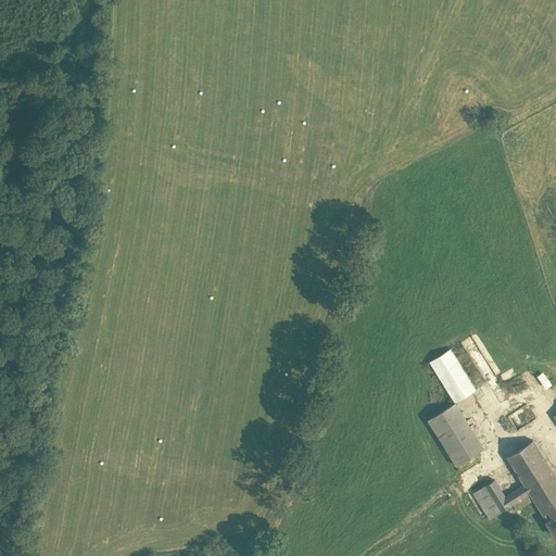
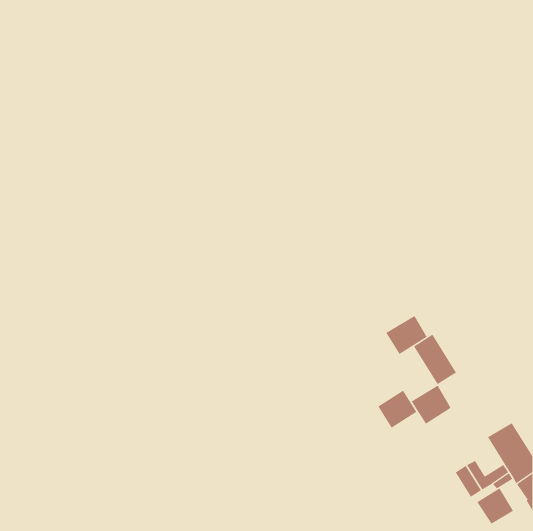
building: none -> [386,315,427,355]
building: [443,427,484,467] -> [378,390,417,428]
building: none -> [477,487,514,525]

